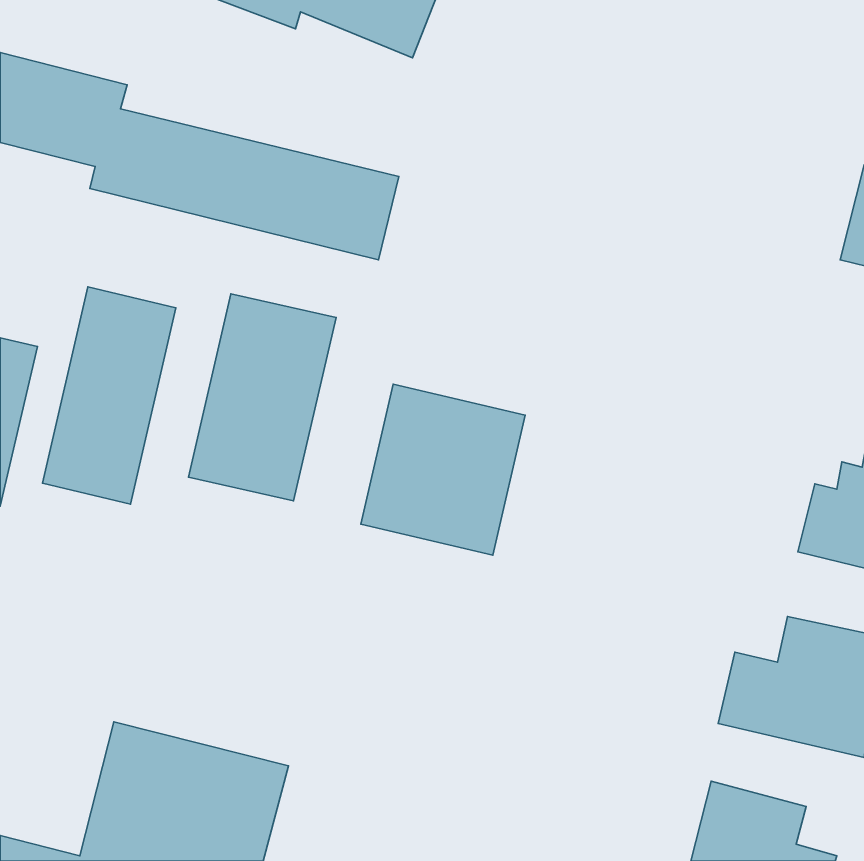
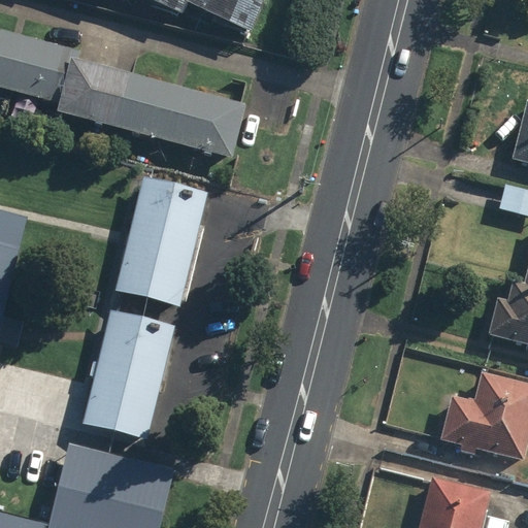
building: [42,287,176,504] -> none
building: [361,384,525,555] -> none
building: none -> [85,307,174,438]

